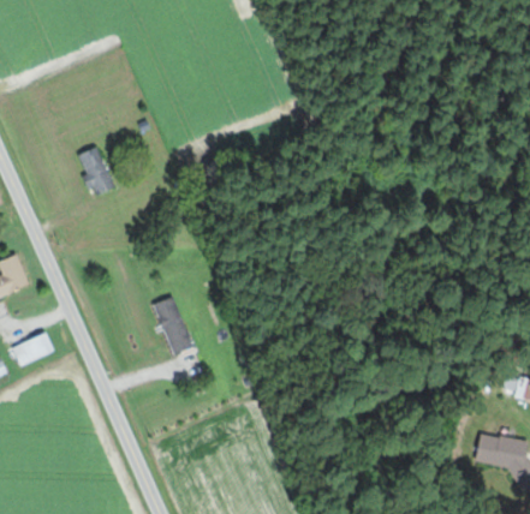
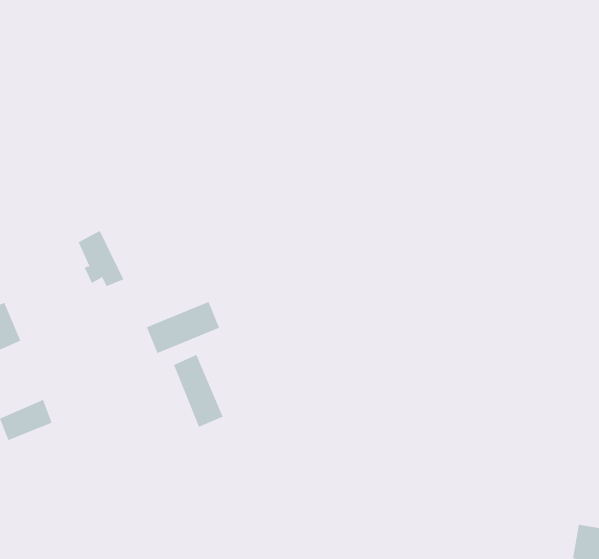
building: [77,147,114,192] -> [78,230,124,287]
building: none -> [146,301,220,354]

